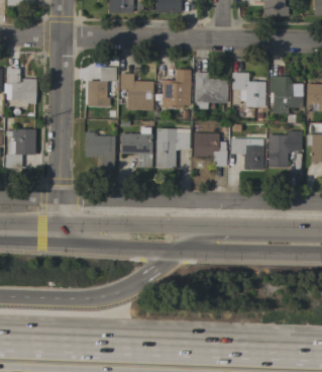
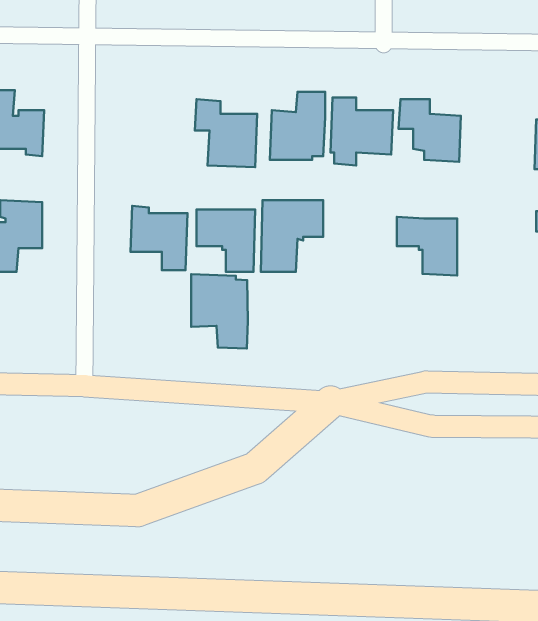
building: [86,68,116,106] -> none
building: [269,76,303,113] -> none
building: [267,130,302,167] -> none
building: [193,132,227,166] -> none
building: none -> [191,274,248,349]

